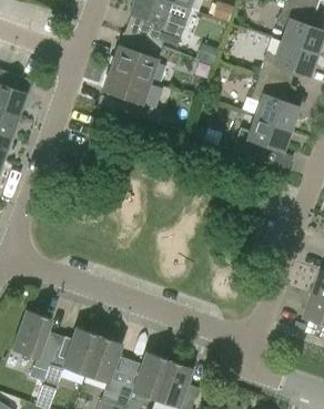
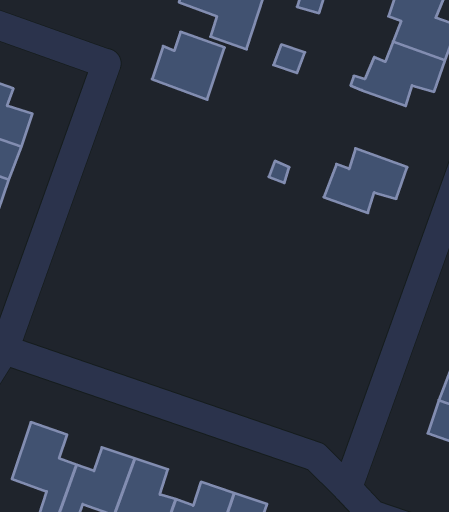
building: [102,68,150,117] -> none
building: [251,75,300,130] -> none

